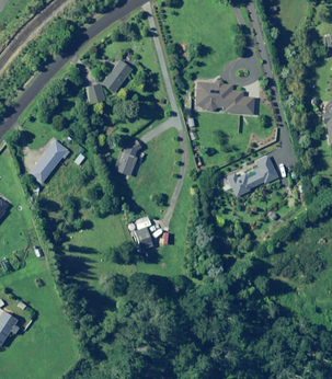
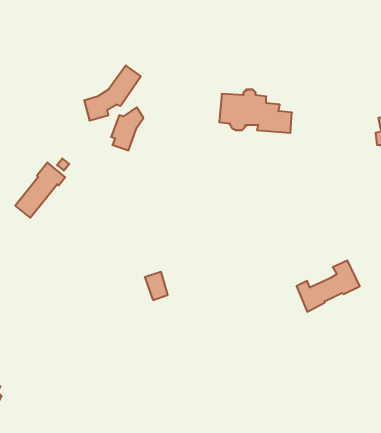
building: [116,140,142,175] -> [111,107,143,150]
building: [227,156,278,197] -> [296,261,360,312]

